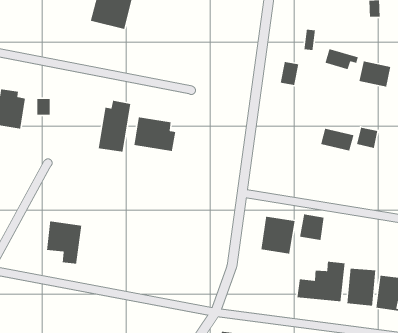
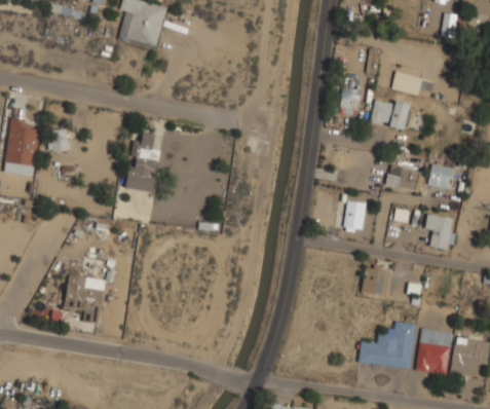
building: [359,60,391,88] -> [370,98,408,129]
building: [134,116,176,152] -> none
building: none -> [342,199,366,233]
building: none -> [423,213,456,251]
building: [260,216,296,254] -> none

